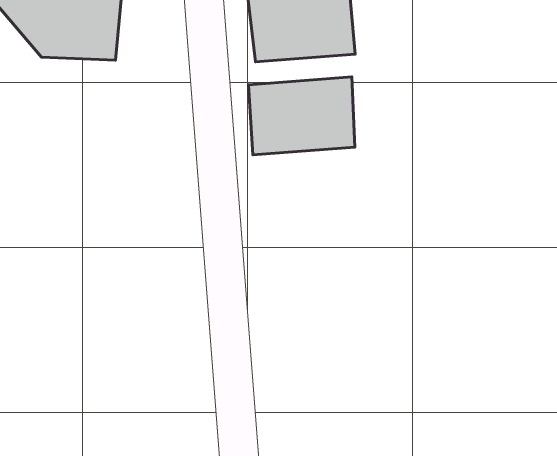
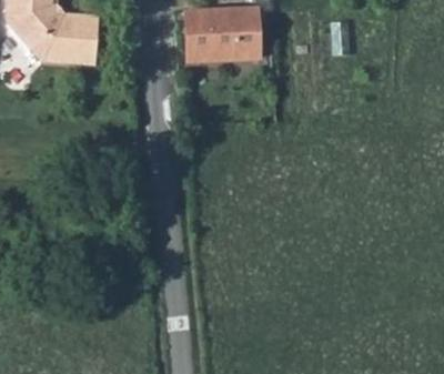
building: [248,77,355,155] -> none

